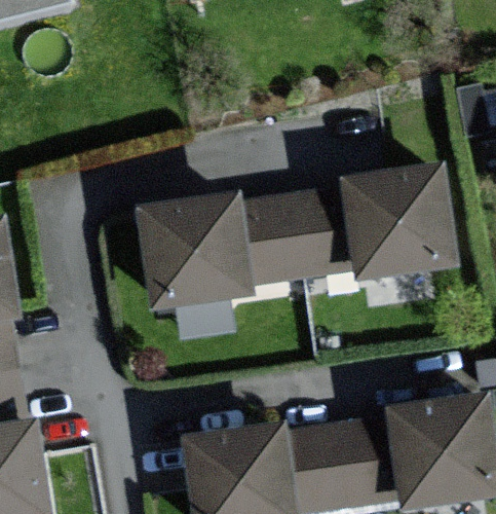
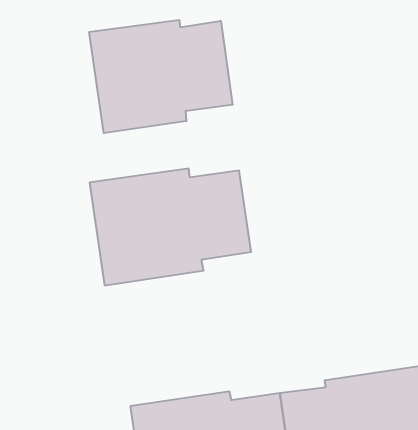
building: none -> [89,20,233,133]
building: [294,162,458,279] -> none

